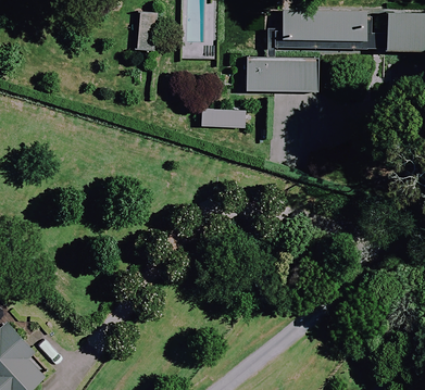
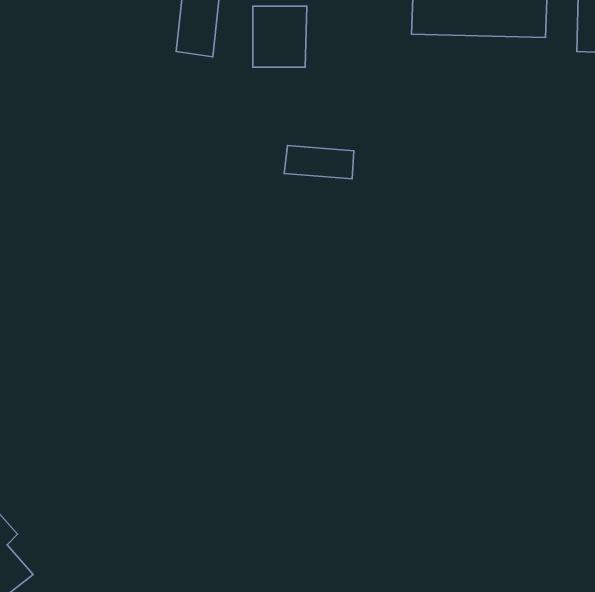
building: [246,59,317,92] -> none

